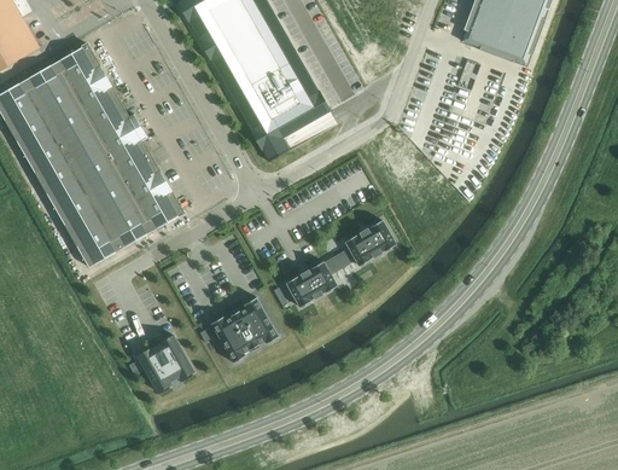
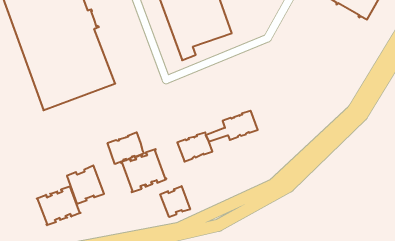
building: none -> [108,132,144,164]
building: none -> [160,186,190,217]
building: none -> [37,186,81,225]

